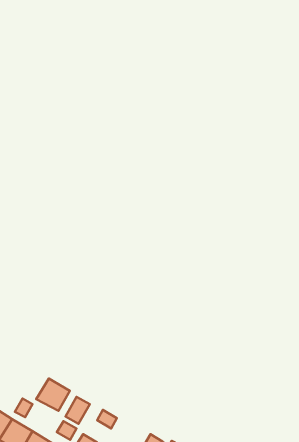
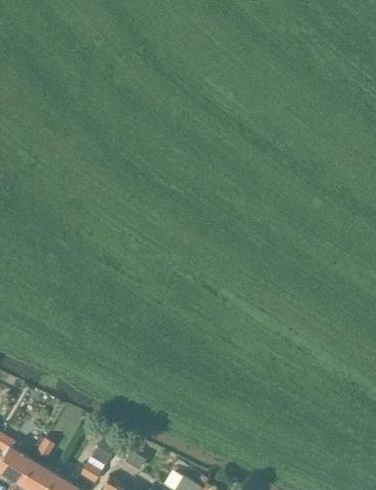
building: [36,379,70,411] -> none

